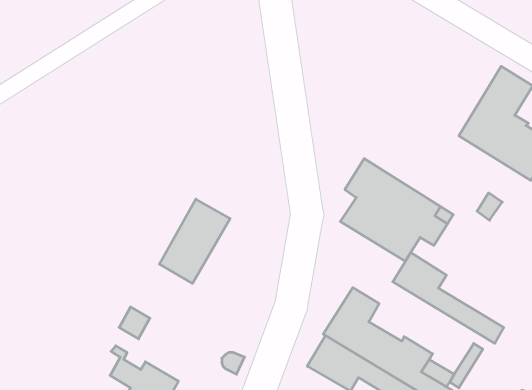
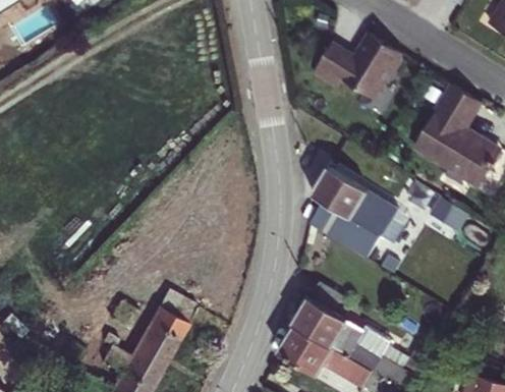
building: none -> [314,35,401,99]
building: [159,199,230,283] -> [134,291,198,367]
building: [393,253,504,343] -> none

